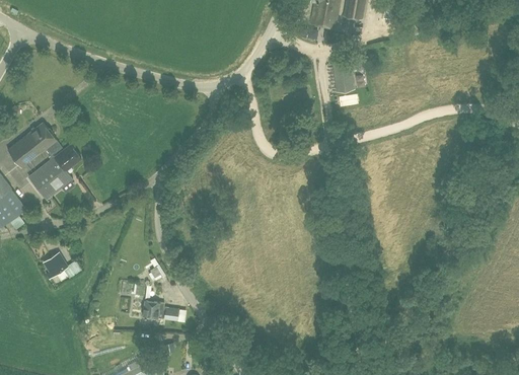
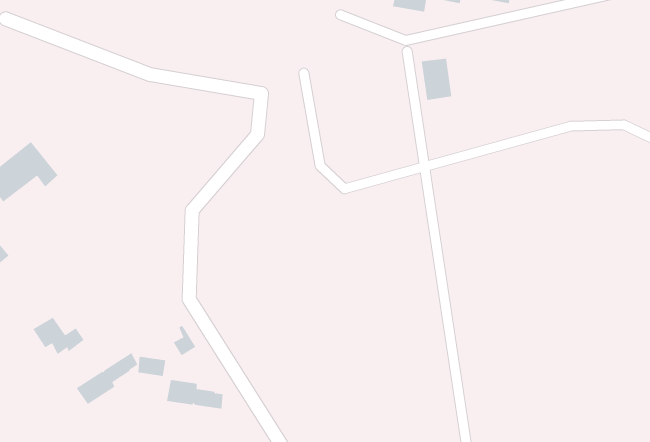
building: [28,144,80,199] -> none
building: none -> [76,352,138,405]

